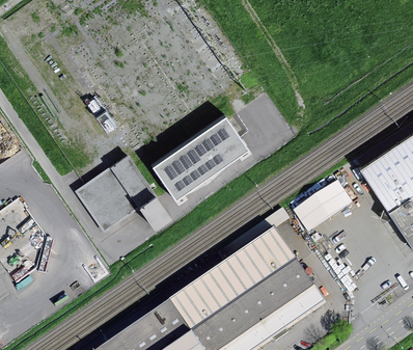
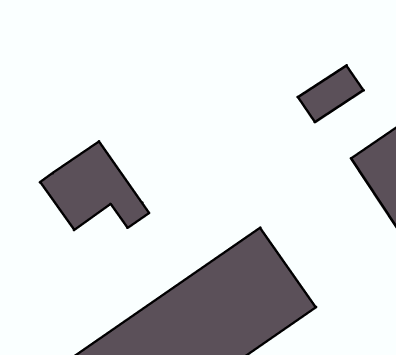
building: [149,109,246,195] -> none
building: [294,182,354,234] -> [298,65,364,122]

